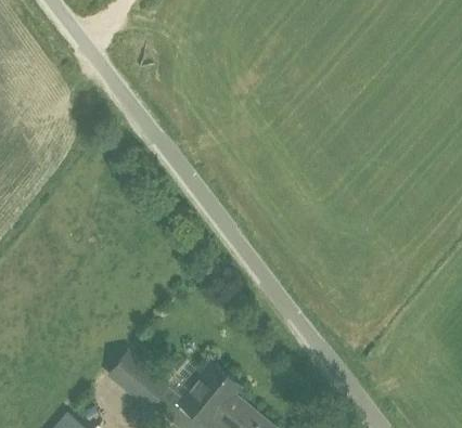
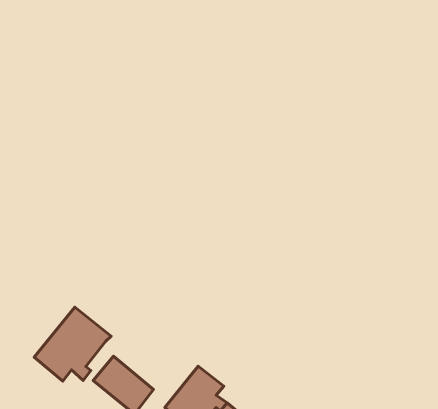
building: none -> [34,307,111,381]

